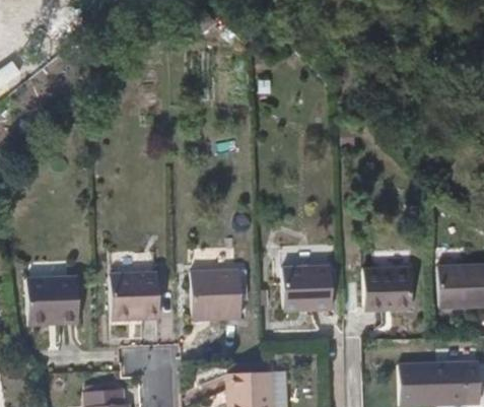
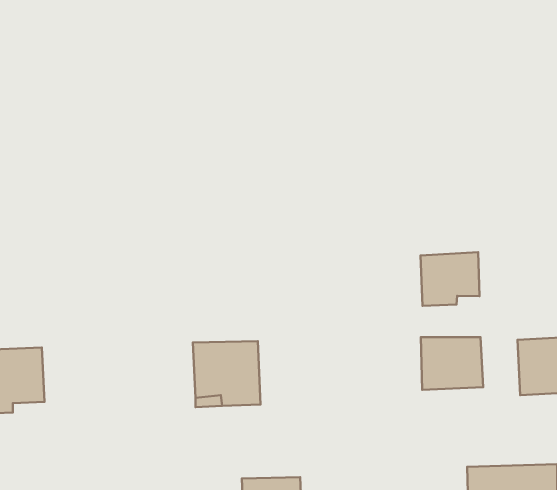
building: none -> [421,252,480,306]
building: [283,265,334,309] -> none
building: [109,275,157,321] -> none

